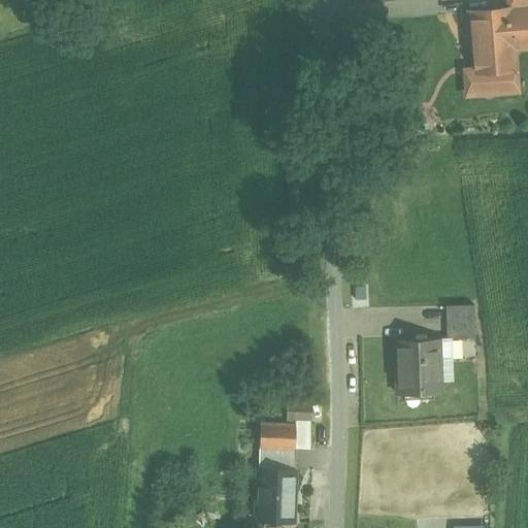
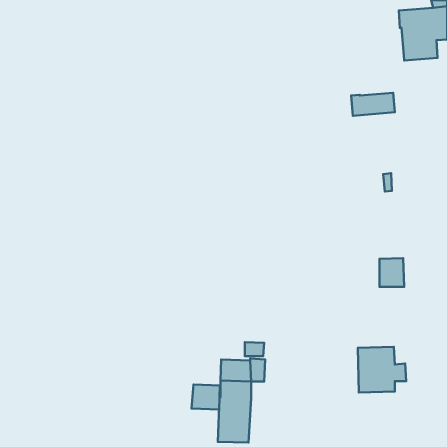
building: [466,68,518,95] -> [351,93,395,116]
building: [397,339,454,393] -> [358,347,406,392]
building: none -> [191,385,220,410]

